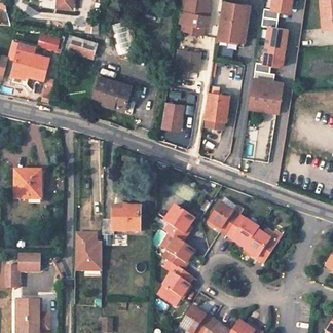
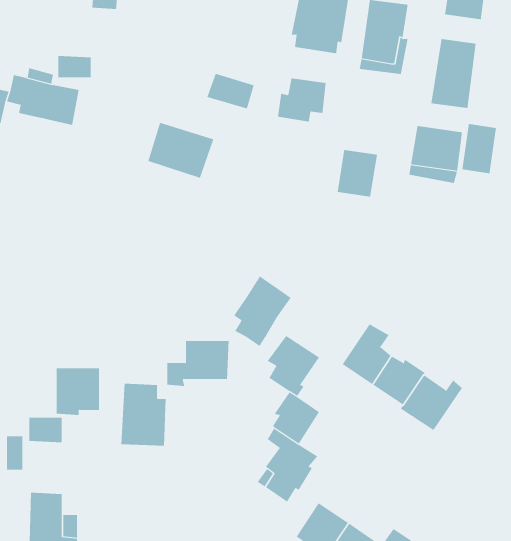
building: [68,36,97,58] -> [207,73,254,109]
building: none -> [462,123,497,174]
building: [161,102,186,132] -> none
building: none -> [233,276,292,347]
building: [15,170,42,198] -> [56,368,100,416]

